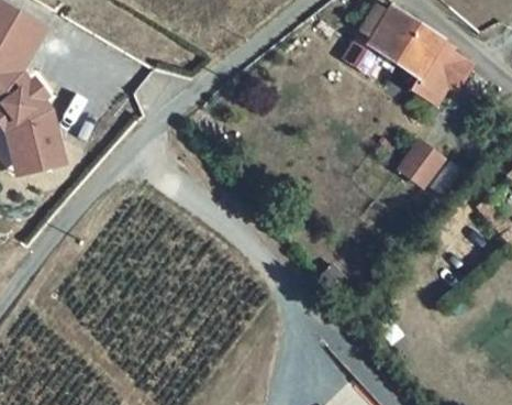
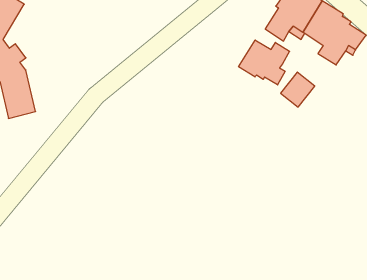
building: none -> [239,40,290,85]
building: [398,143,441,187] -> [281,72,315,107]

